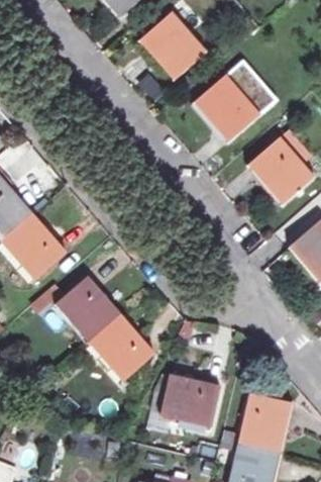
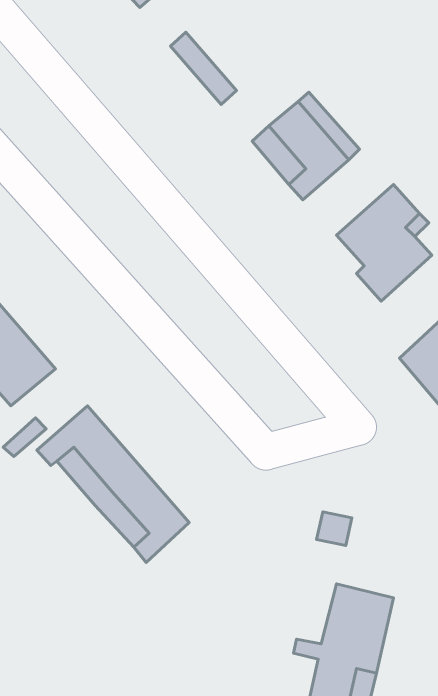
building: [151,15,203,70] -> none
building: [150,376,218,431] -> none

